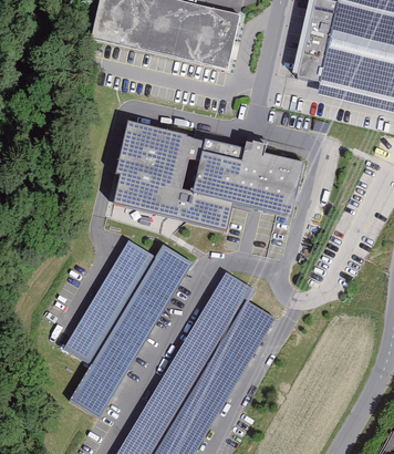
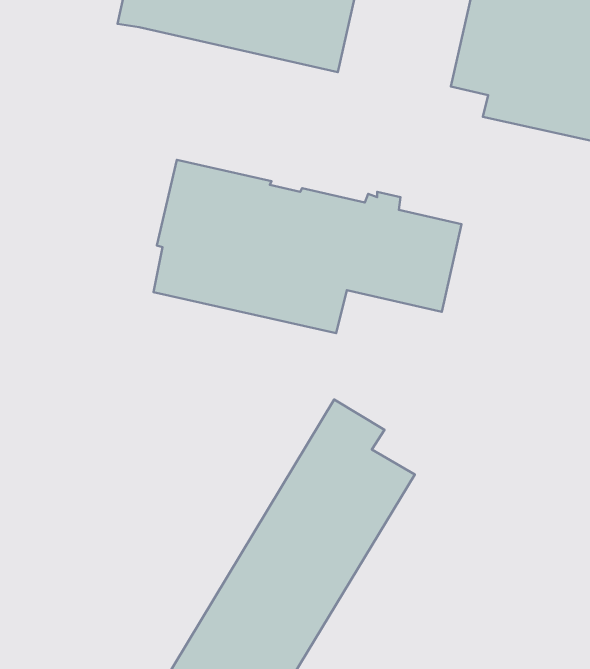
building: [62,240,193,417] -> none

